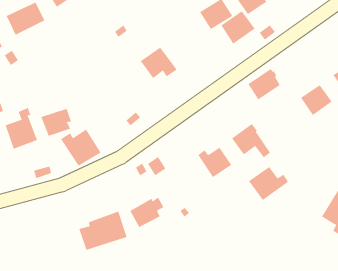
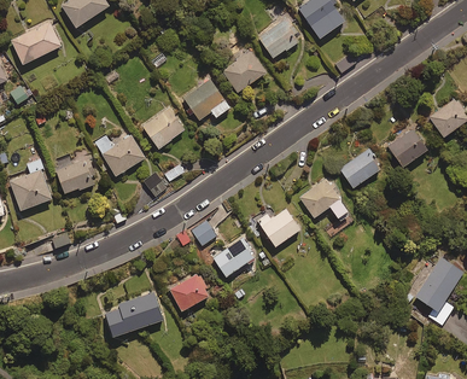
building: [220,10,255,44] -> [222,49,267,93]
building: none -> [141,106,185,148]
building: [248,68,281,100] -> [339,147,381,188]
building: [60,129,102,167] -> [93,128,146,176]
building: [248,166,289,201] -> none
building: none -> [212,239,255,278]

